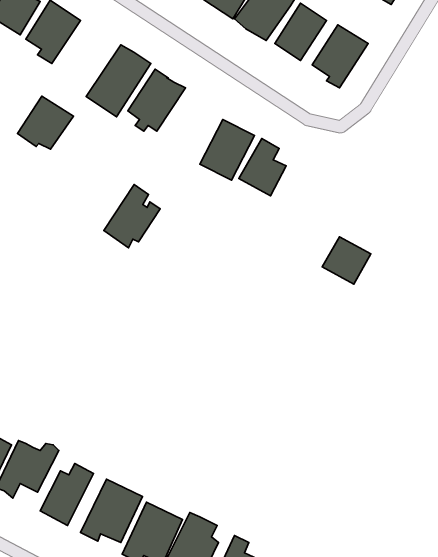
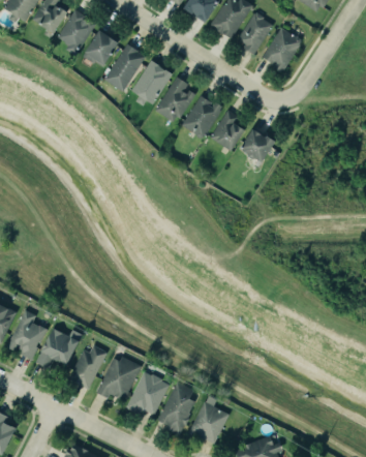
building: [17,96,73,149] -> [80,29,120,67]
building: [104,184,160,248] -> [154,77,194,122]
building: [322,237,371,284] -> [240,129,275,163]

